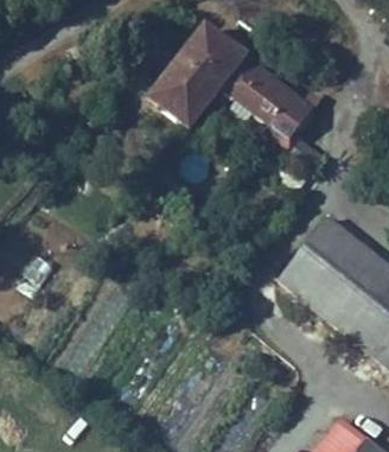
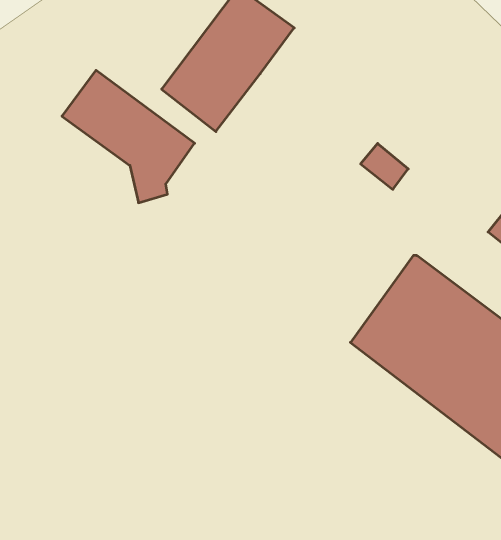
building: [217,56,310,148] -> [62,70,195,203]

